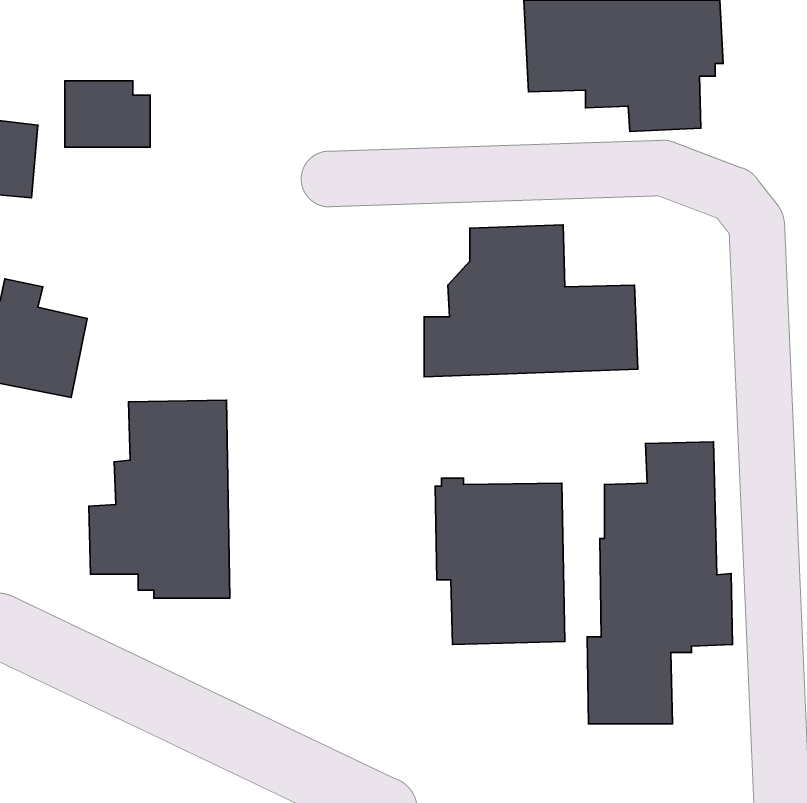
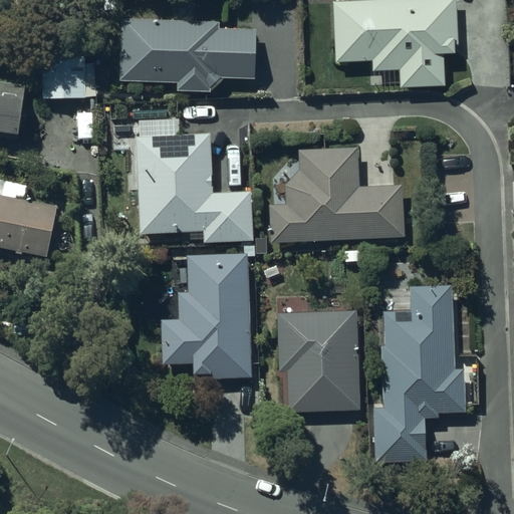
building: none -> [119,19,255,92]
building: none -> [136,134,254,243]
building: [89,400,230,598] -> [161,253,250,378]

